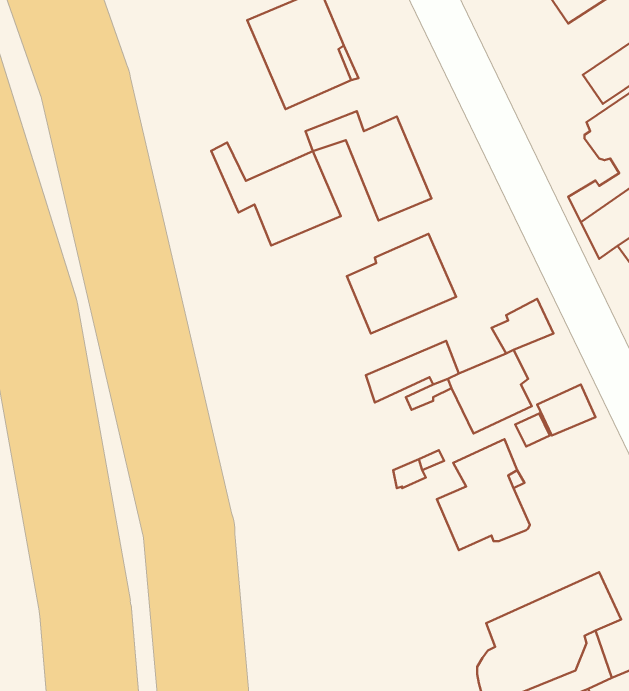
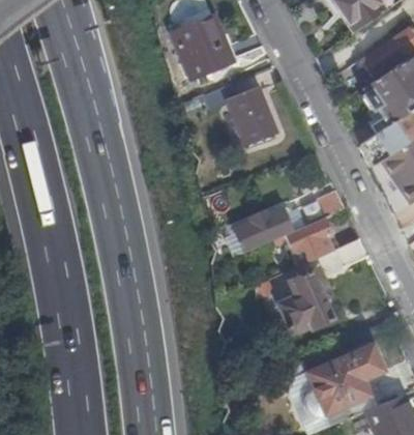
building: [211,143,341,245] -> none
building: [347,234,456,334] -> none

